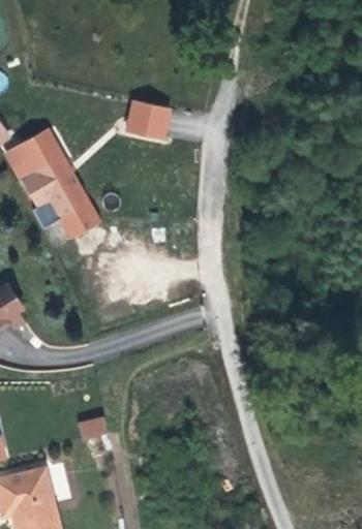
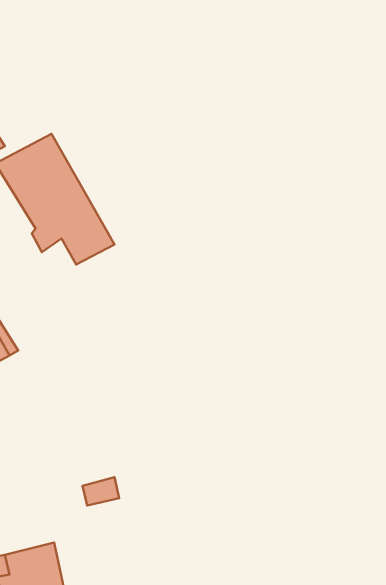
building: [124,98,171,136] -> none

